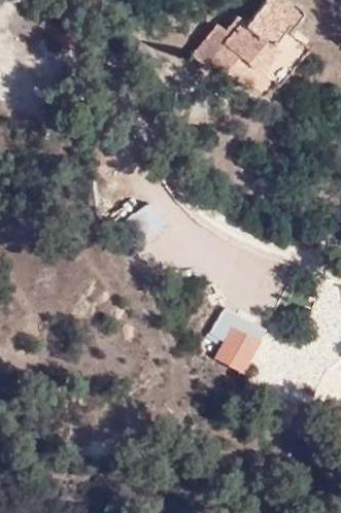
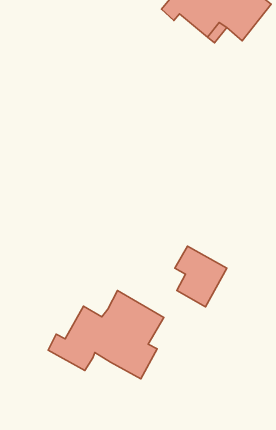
building: none -> [48,290,164,379]

